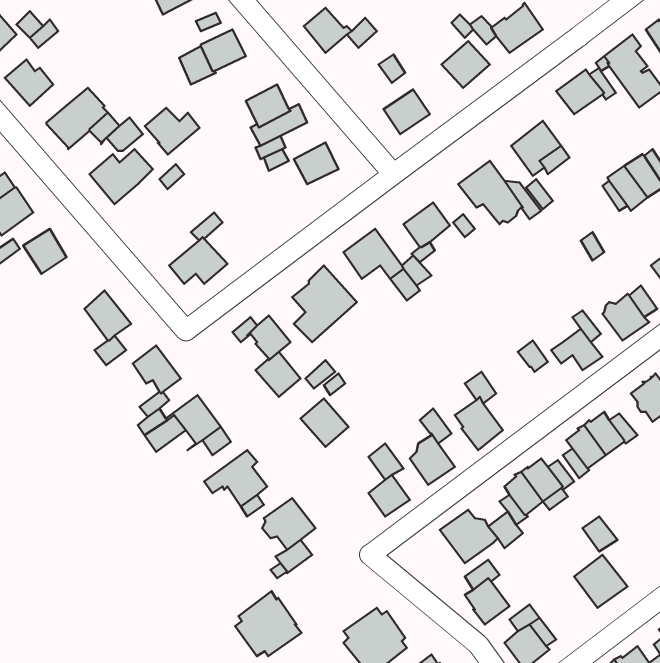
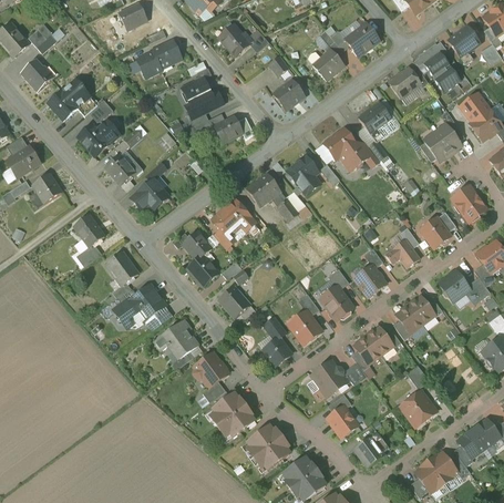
building: [145,108,199,154] -> [104,154,141,185]
building: none -> [354,265,385,296]
building: [235,591,301,656] -> [210,392,255,435]

